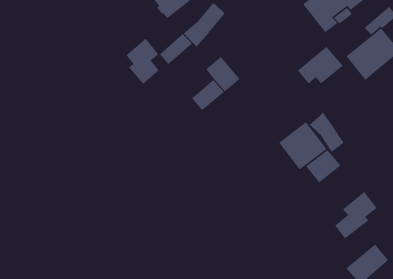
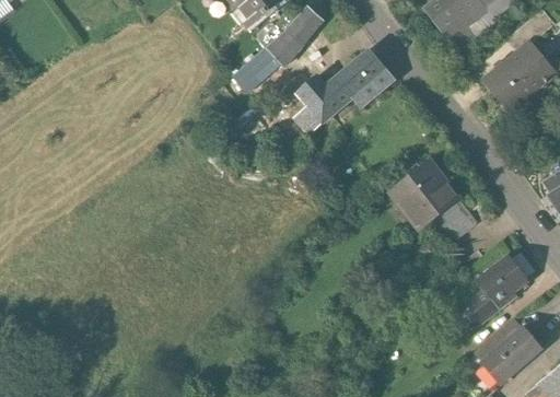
building: [125,38,160,85] -> none
building: [297,46,344,85] -> [328,55,390,106]
building: [309,112,345,153] -> none

